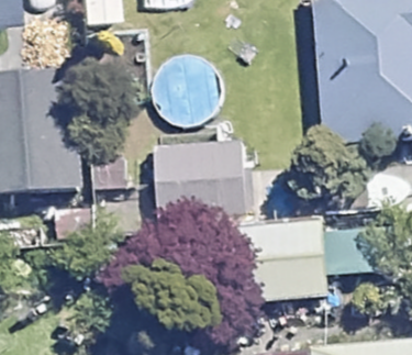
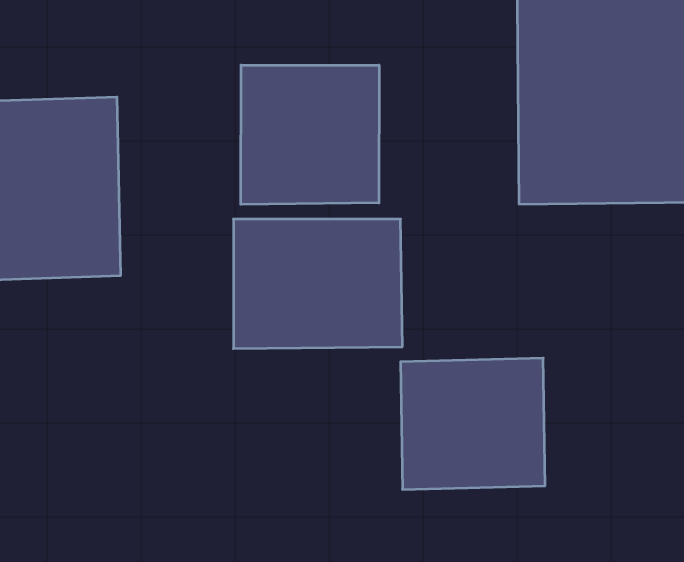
building: none -> [241,65,379,204]

